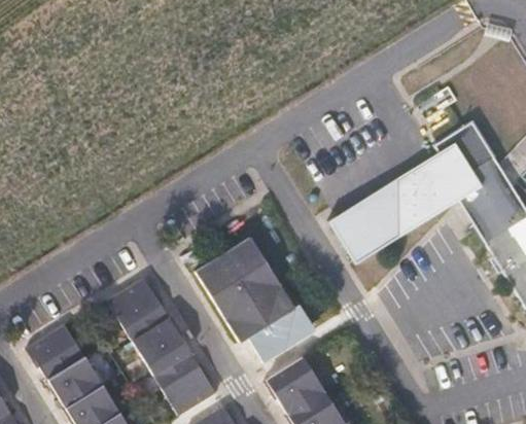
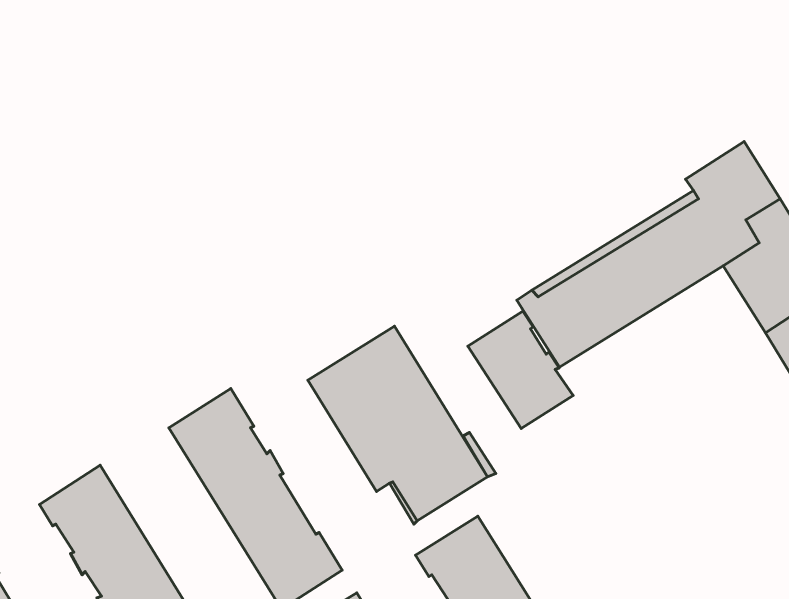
building: none -> [468,311,573,428]

